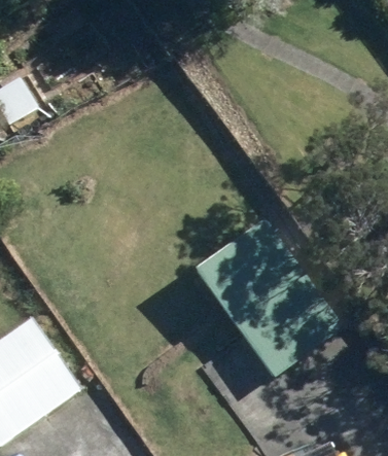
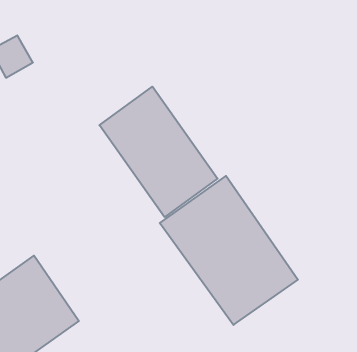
building: none -> [99,87,218,217]

